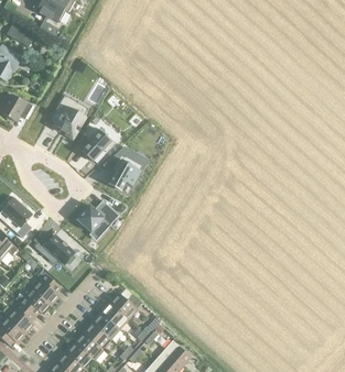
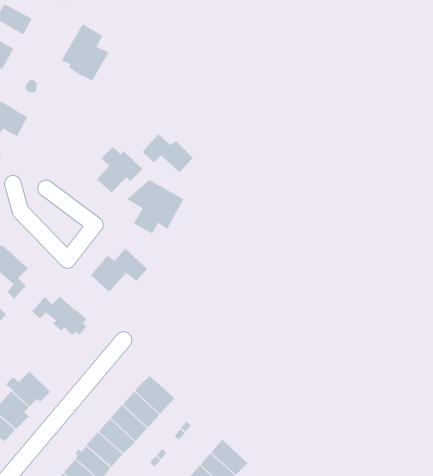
building: [48,95,84,136] -> [61,24,109,81]
building: none -> [142,133,194,173]
building: [33,270,60,305] -> none

